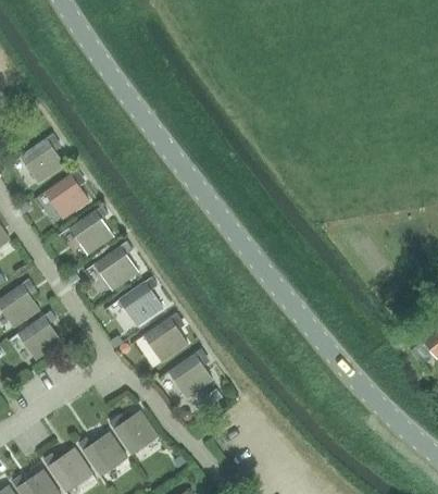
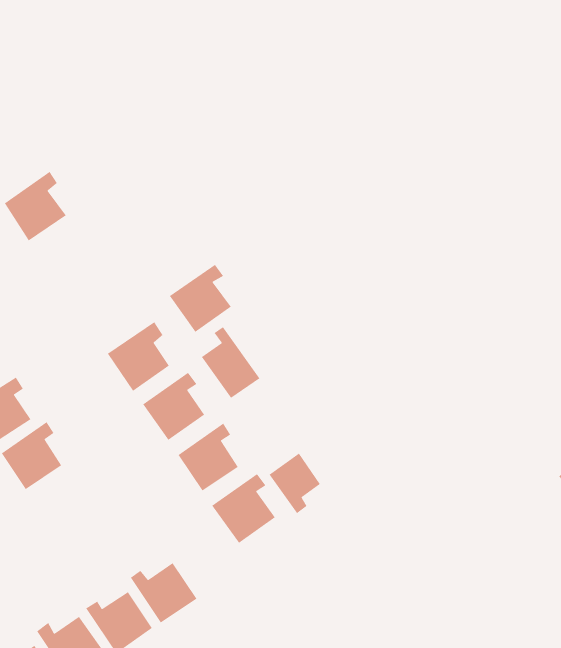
building: [45,171,89,220] -> none
building: [68,206,113,255] -> [169,264,232,333]
building: none -> [201,326,260,399]
building: none -> [268,453,321,514]

